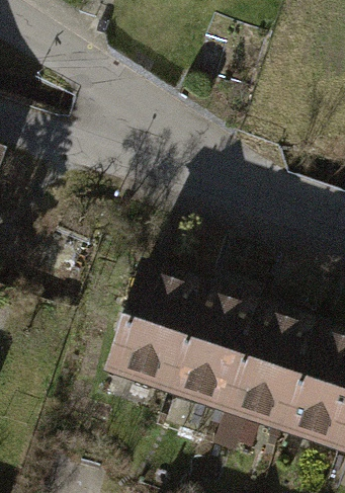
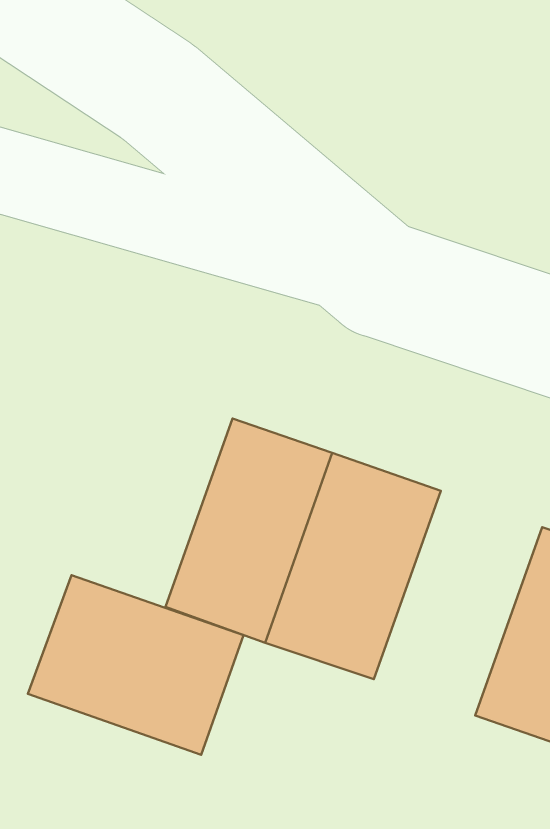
building: [218,303,312,428] -> none
building: none -> [28,575,243,755]

